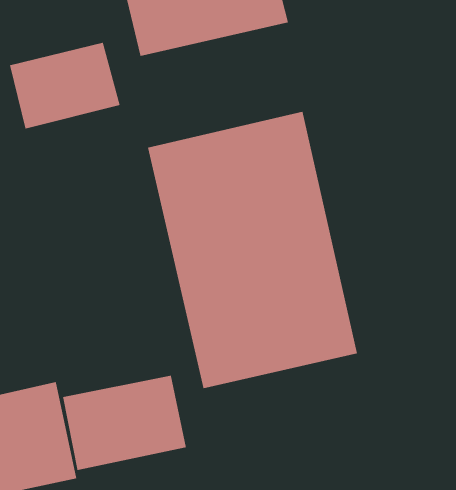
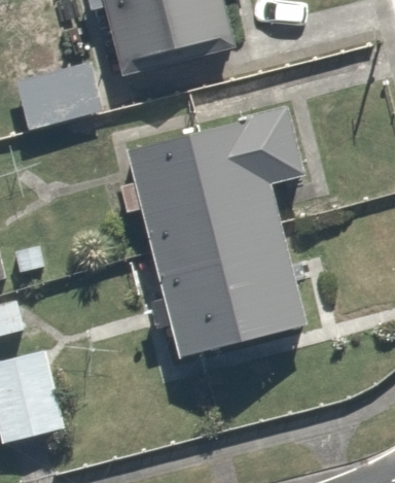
building: [62,375,186,471] -> none

